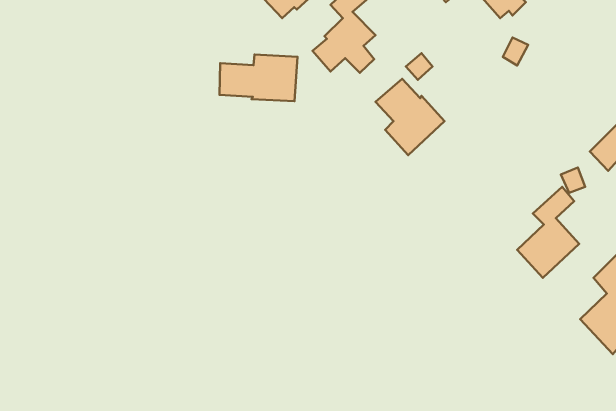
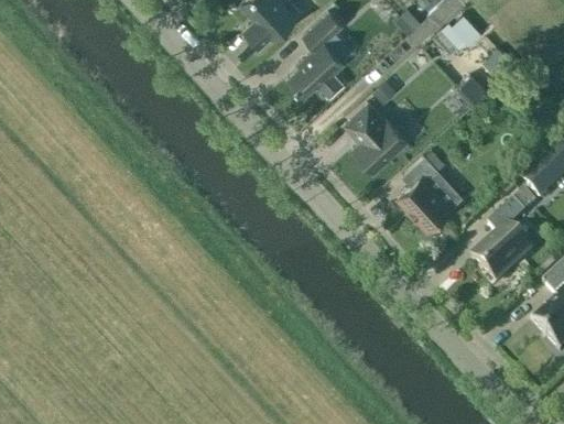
building: [220,55,298,101] -> none
building: none -> [398,156,451,231]

